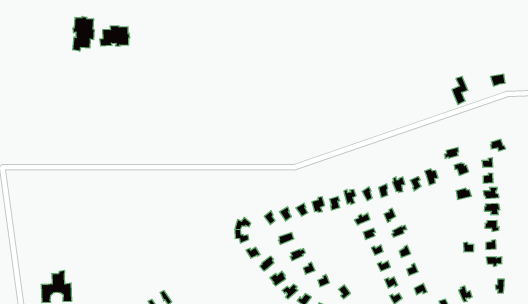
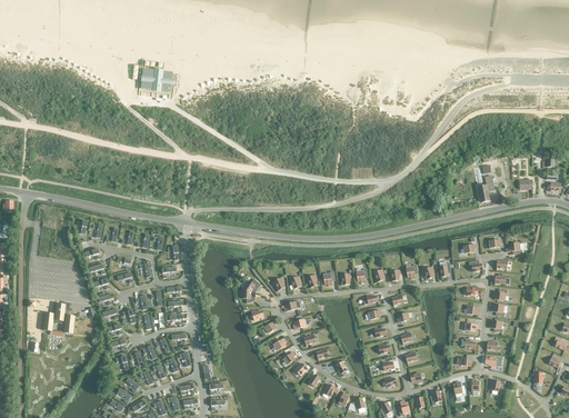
building: [73,16,94,51] -> none

